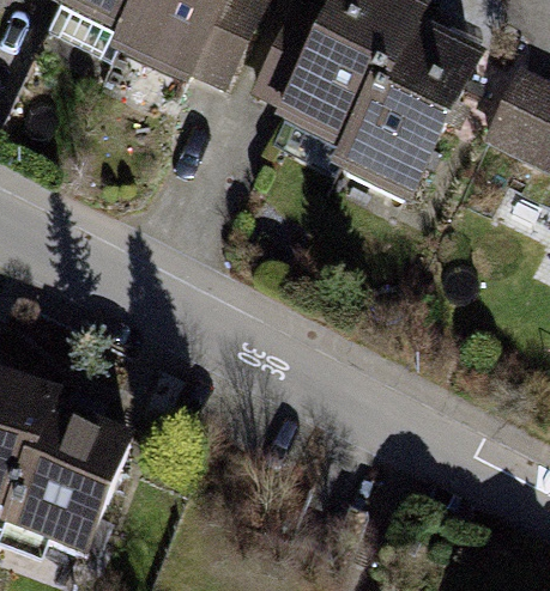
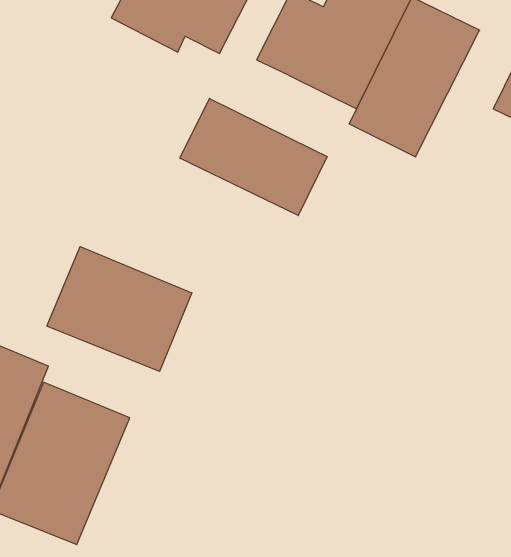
building: none -> [180,98,327,216]
building: none -> [47,247,192,371]

